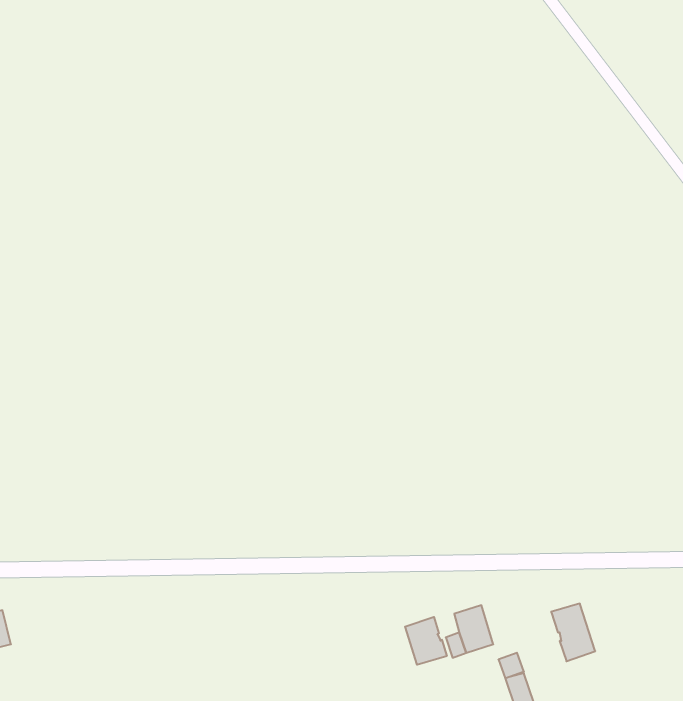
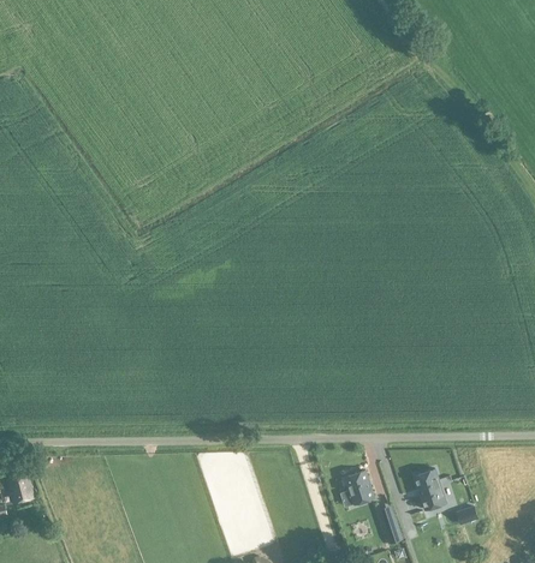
building: [405,617,447,665] -> none

